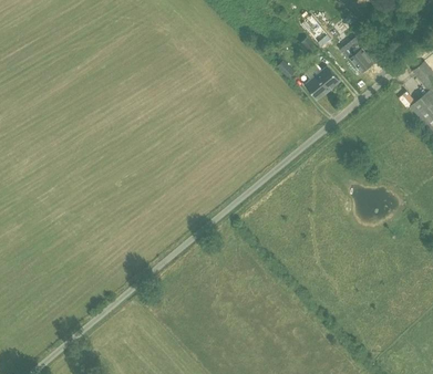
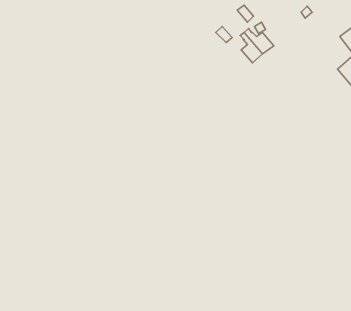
building: [343,41,375,73] -> none

